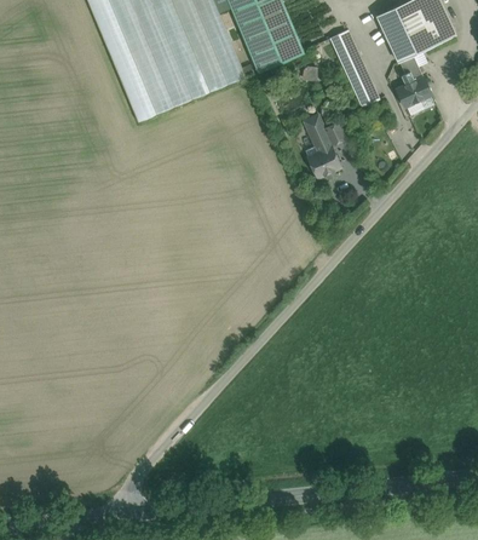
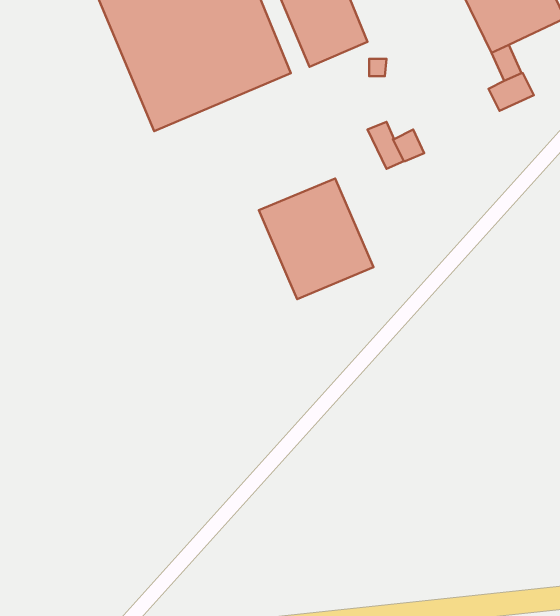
building: [329,28,379,105] -> none
building: [305,143,341,177] -> none
building: none -> [259,178,374,299]

